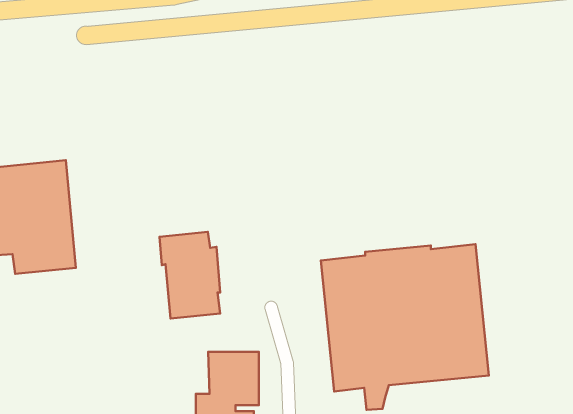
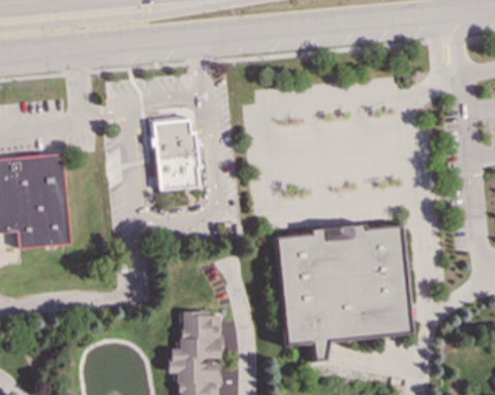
building: [159,232,220,318] -> [149,118,199,190]

